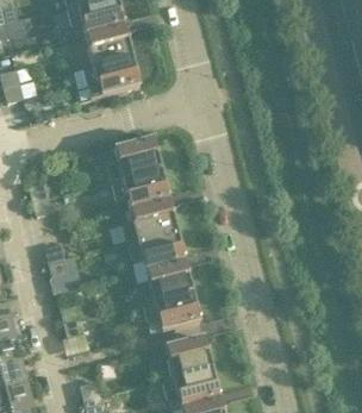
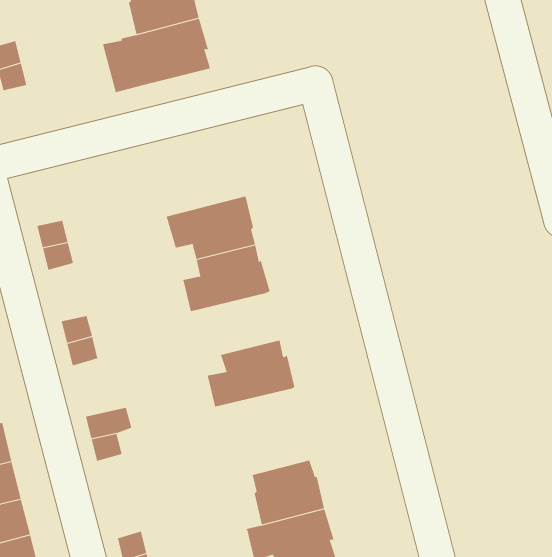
building: [106,136,162,180] -> none
building: [126,227,183,268] -> none
building: [142,288,199,330] -> none

